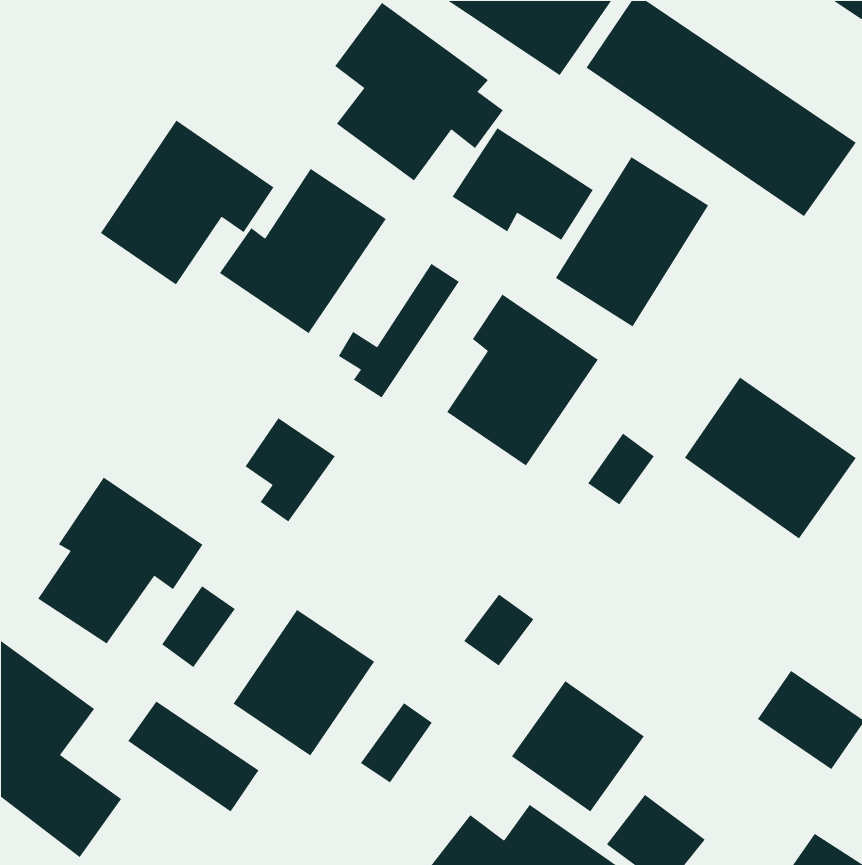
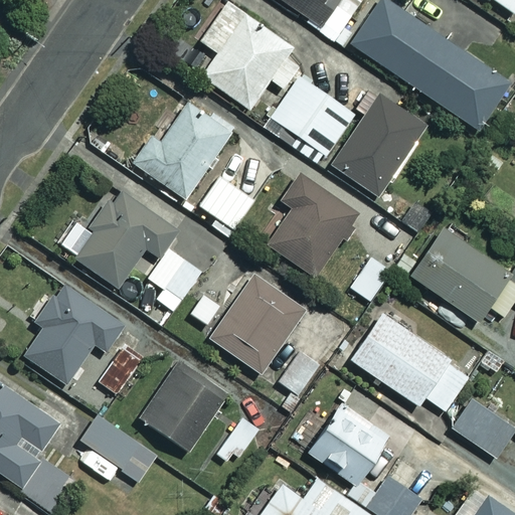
building: [100,119,274,286] -> [73,189,177,288]
building: none -> [209,274,307,374]
building: none -> [350,313,471,410]

